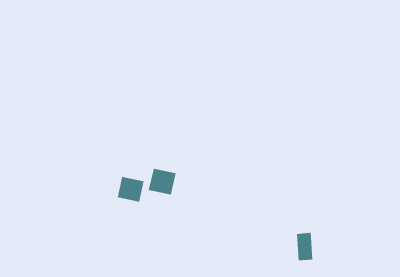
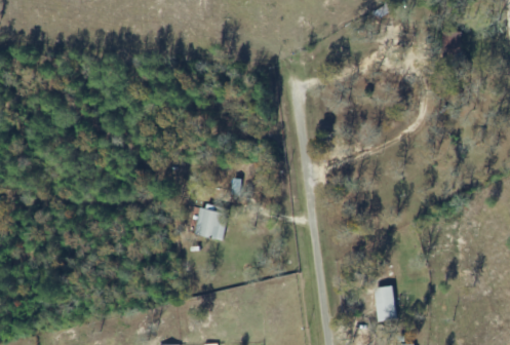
building: [117,176,144,202] -> none

